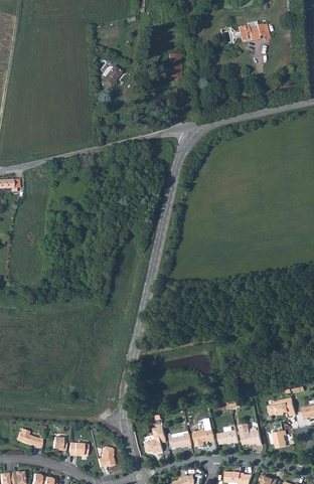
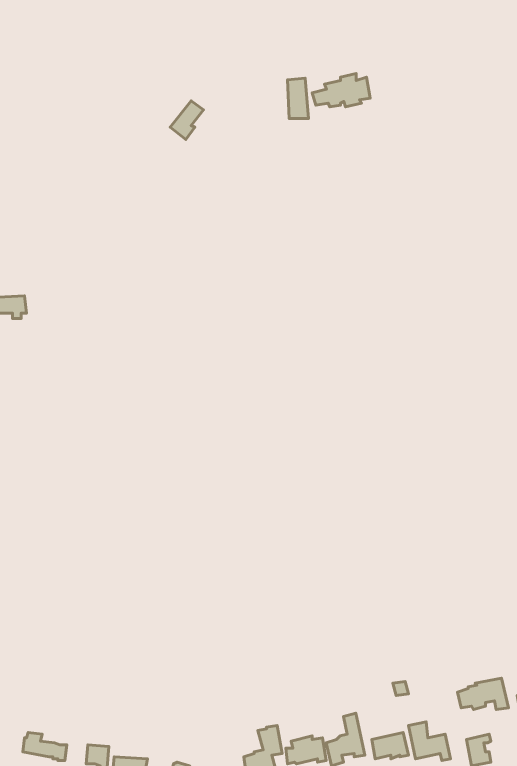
building: [230,21,264,40] -> [312,73,370,107]

